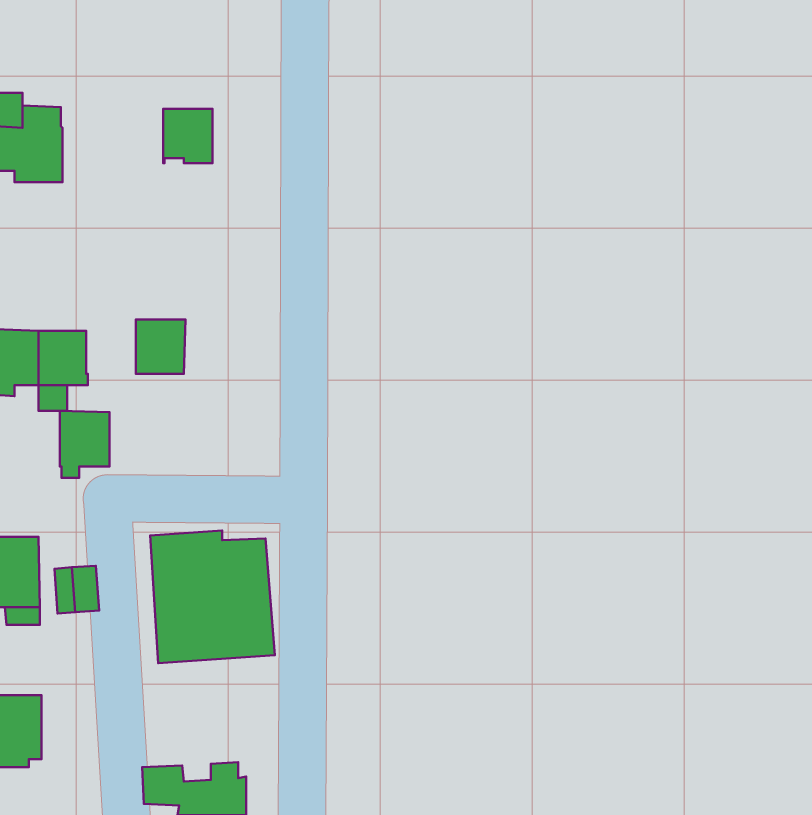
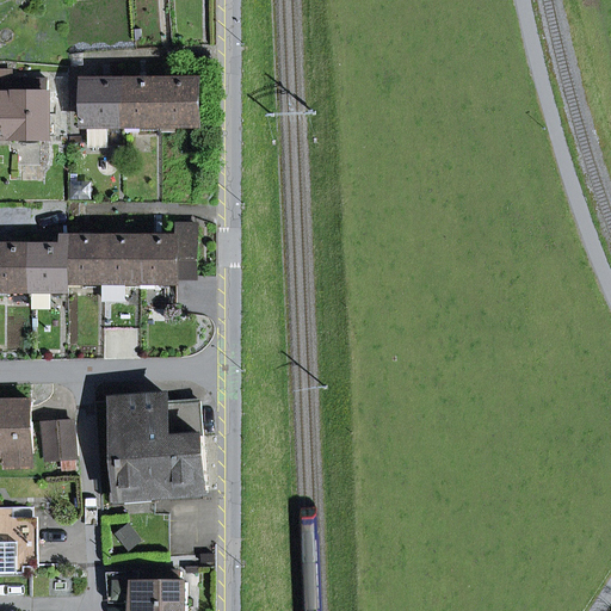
building: none -> [74,81,122,146]
building: none -> [159,81,196,122]
building: none -> [137,224,195,280]
building: [60,411,110,478] -> [64,237,101,288]

